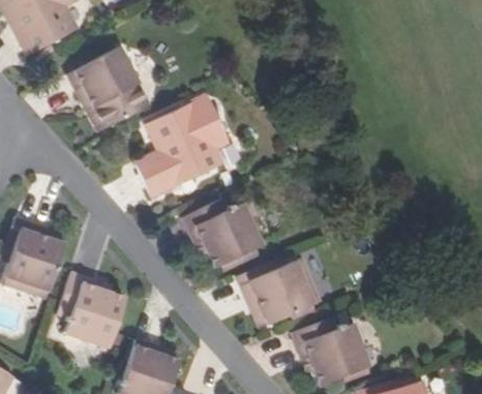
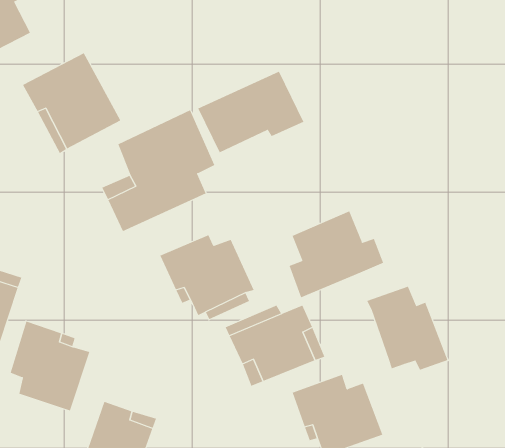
building: none -> [197,71,304,153]
building: none -> [289,211,384,298]
building: none -> [366,286,448,371]

